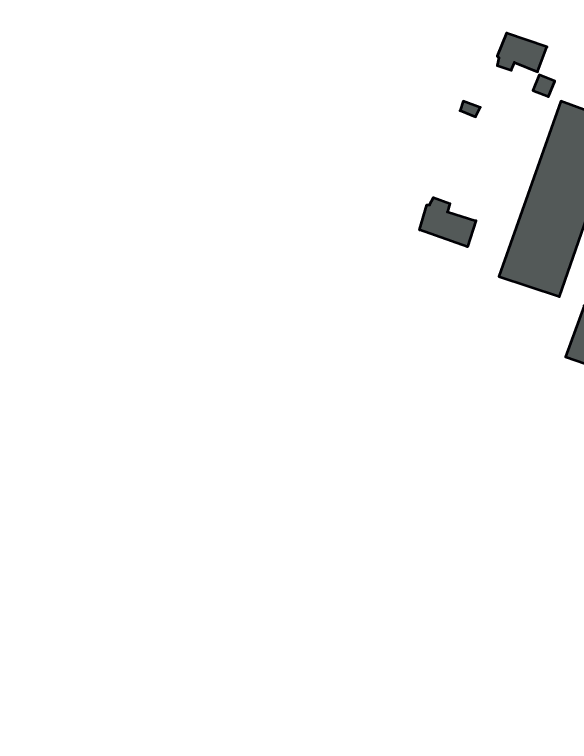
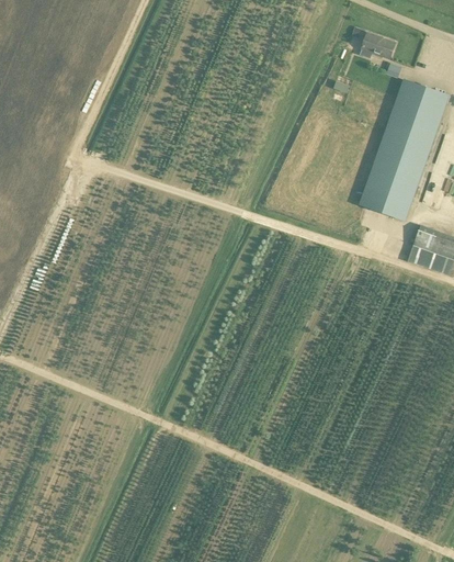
building: [420,198,476,247] -> none

